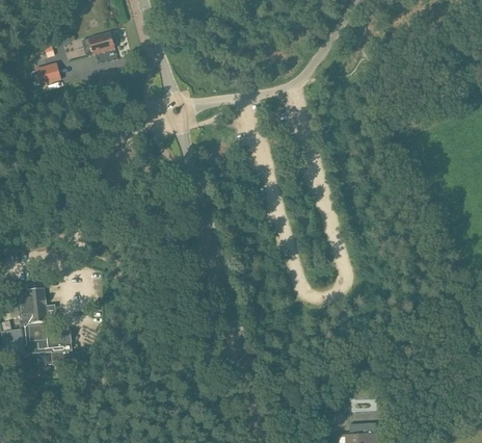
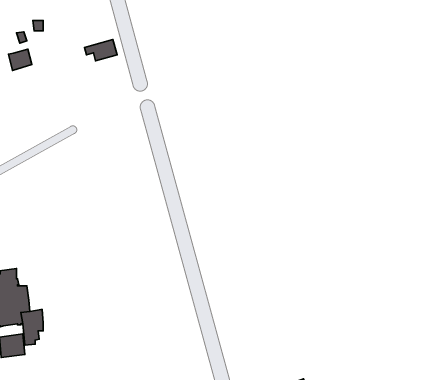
building: [81,32,114,54] -> [84,39,117,61]

